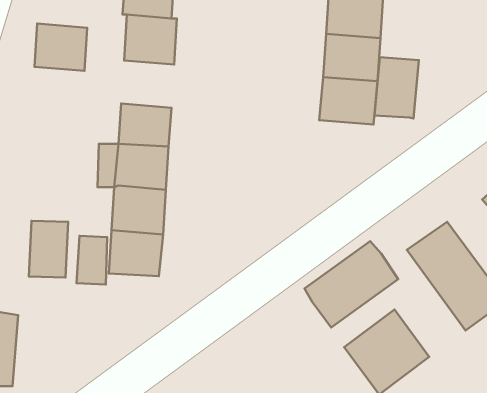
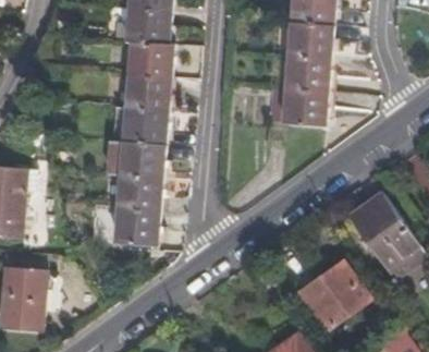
building: [34,24,87,71] -> [126,68,168,105]
building: [375,57,419,118] -> none
building: [29,221,68,277] -> none
building: [305,241,398,328] -> none

